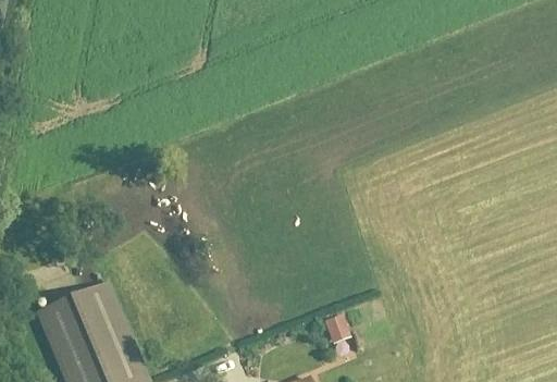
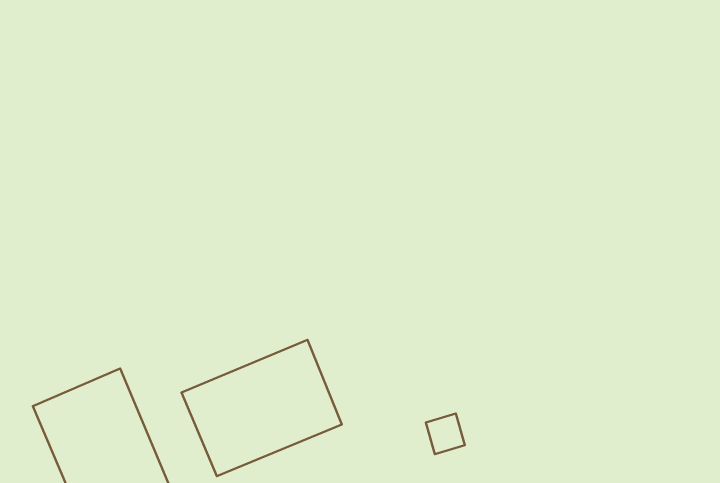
building: none -> [181,340,342,476]

